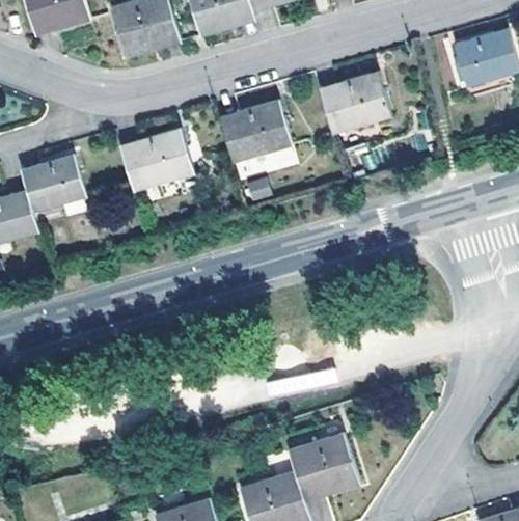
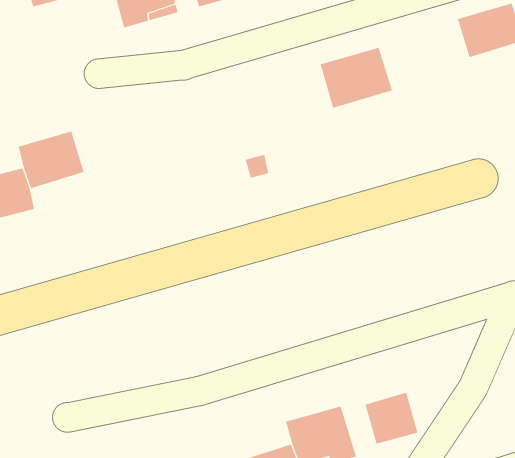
building: [220,103,293,175] -> none
building: [122,132,193,192] -> none
building: none -> [365,392,418,445]

